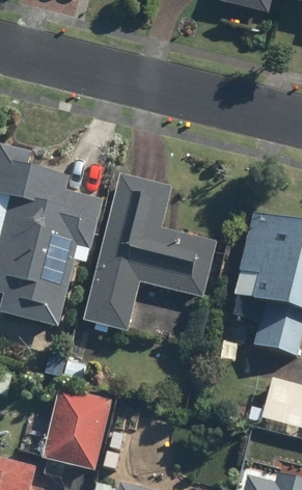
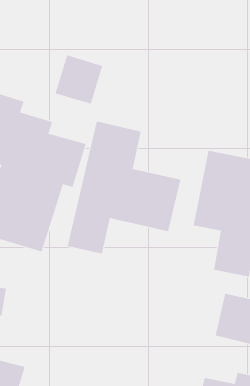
building: none -> [55,54,103,104]
building: [45,383,114,471] -> none

